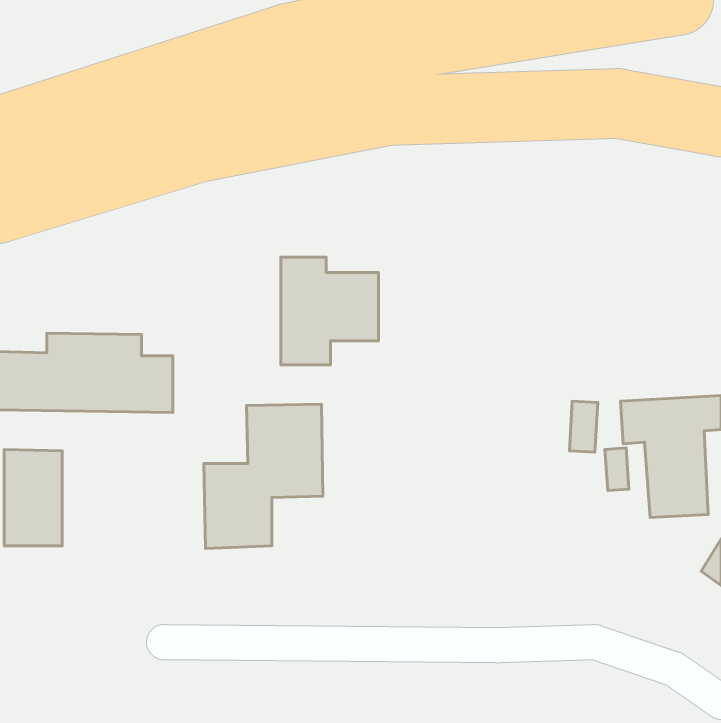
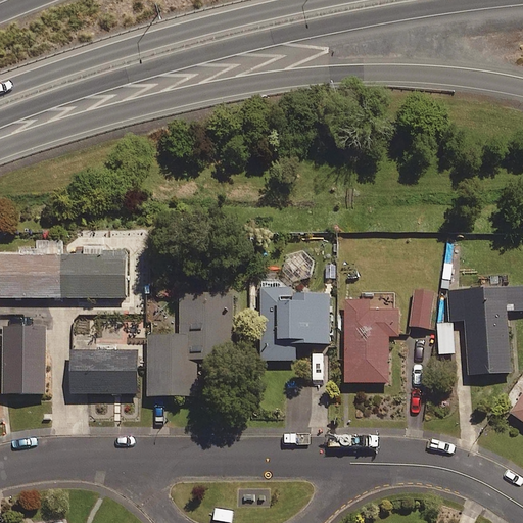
building: [281,257,379,365] -> [259,282,330,360]
building: none -> [345,299,398,382]
building: none -> [70,349,137,393]

